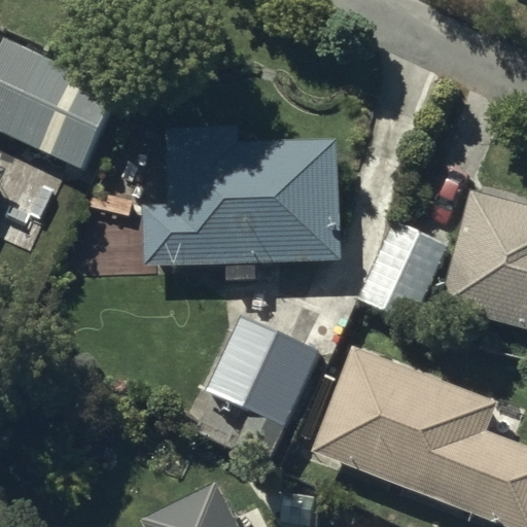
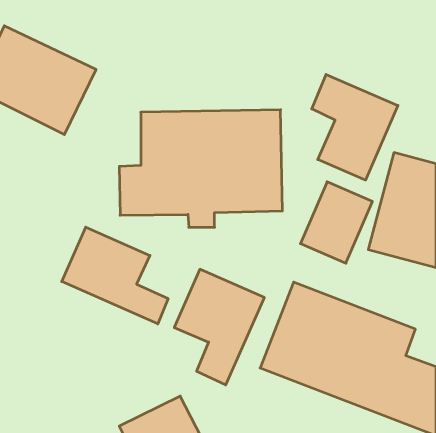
building: none -> [312,74,398,180]
building: none -> [62,227,168,324]

